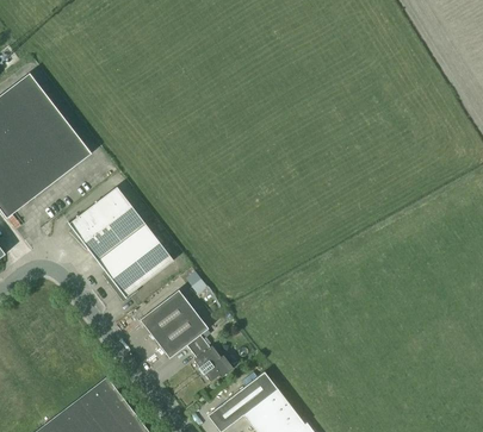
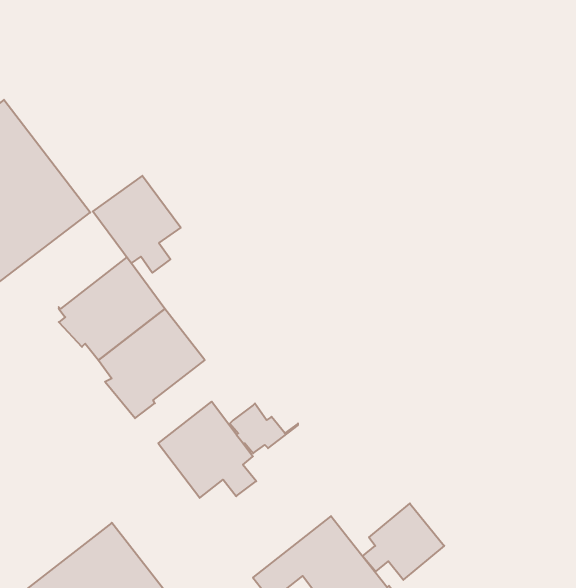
building: none -> [93,176,181,273]
building: [193,345,242,381] -> [230,403,298,453]
building: none -> [362,503,444,580]

